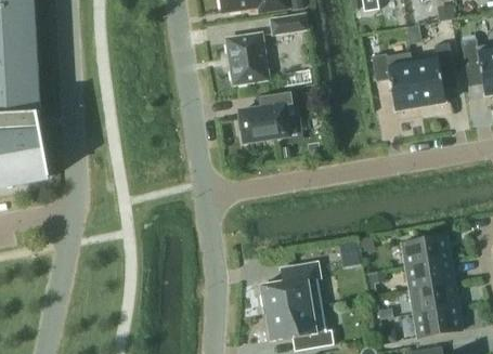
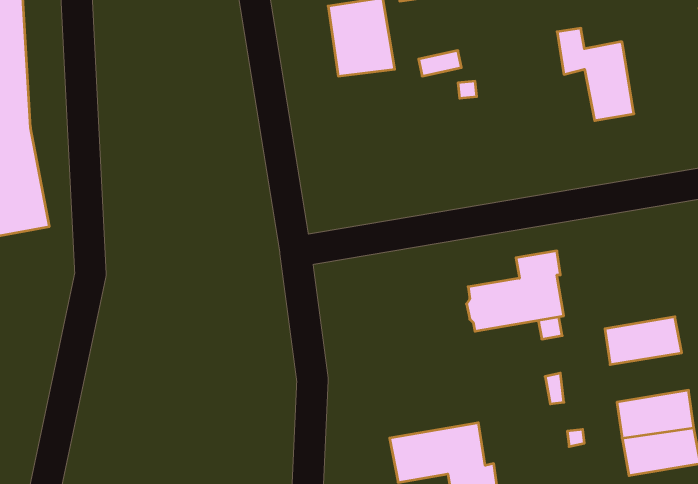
building: [411,43,455,107] -> none
building: [237,90,295,143] -> none
building: [405,259,455,290] -> none
building: [260,262,322,313] -> [466,251,564,331]

